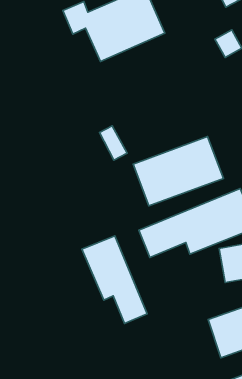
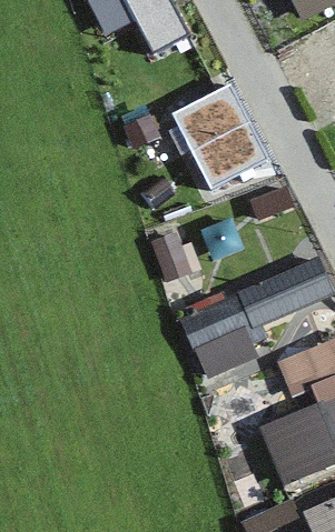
building: none -> [177,72,270,179]
building: [82,236,147,324] -> none

